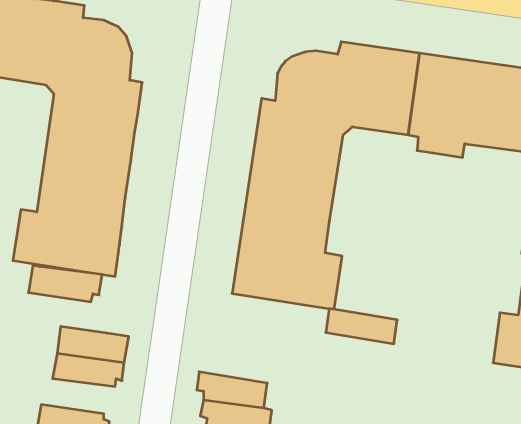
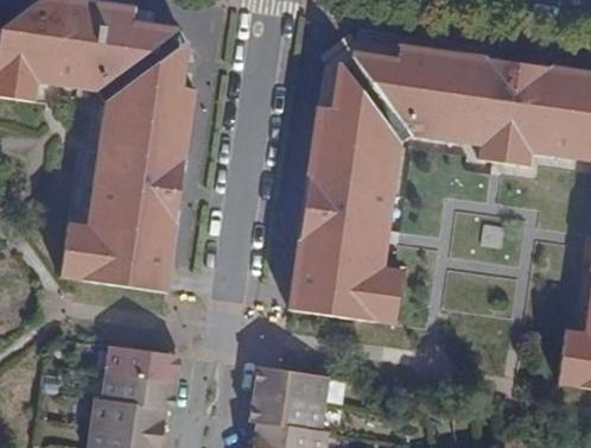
building: [28,265,102,302] -> [88,397,165,435]
building: [326,309,397,344] -> [253,366,328,403]

